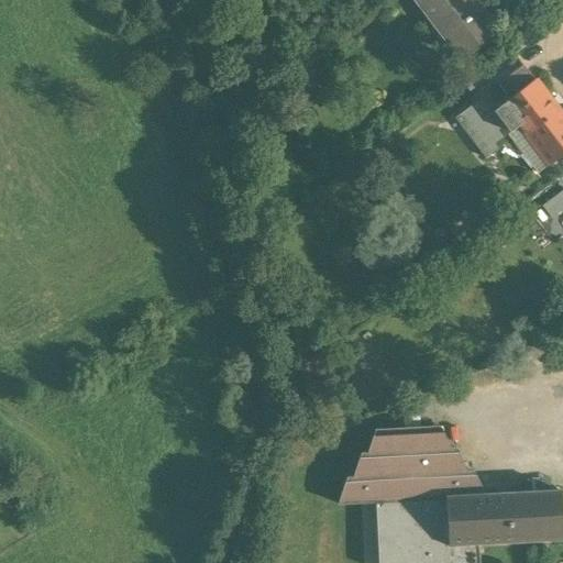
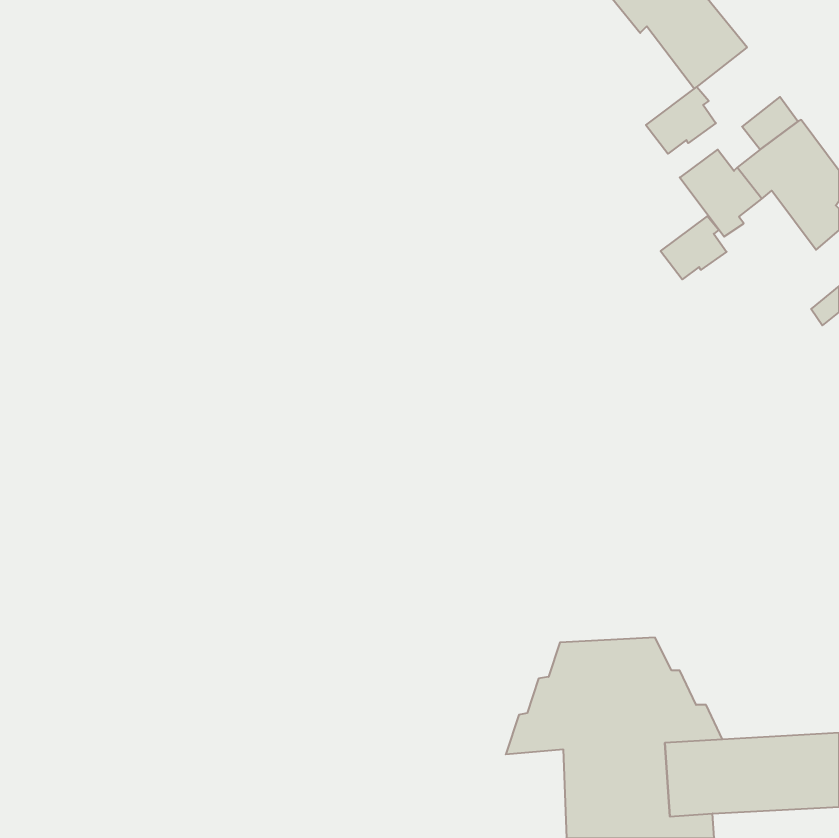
building: none -> [646,87,716,154]
building: none -> [661,216,727,279]

